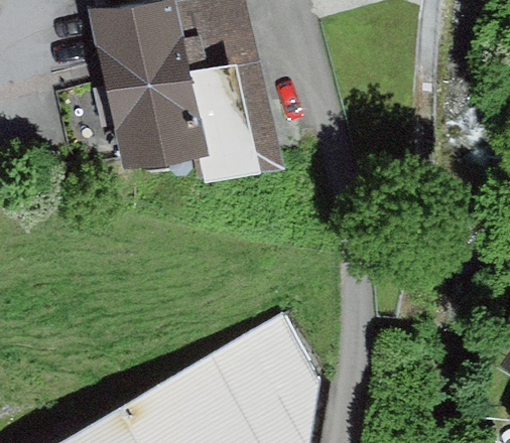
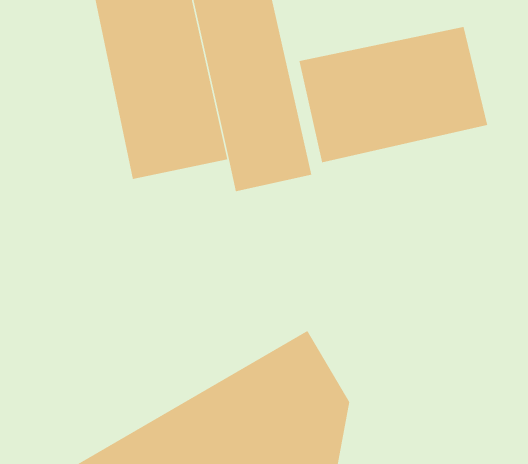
building: none -> [299,26,488,163]

